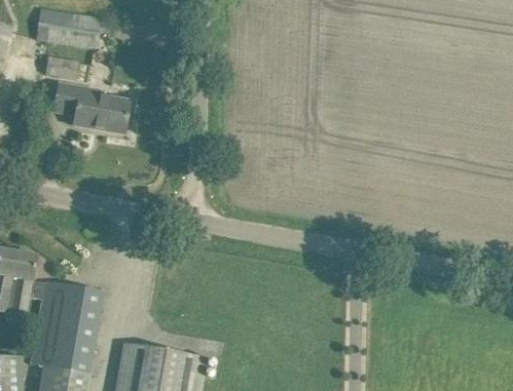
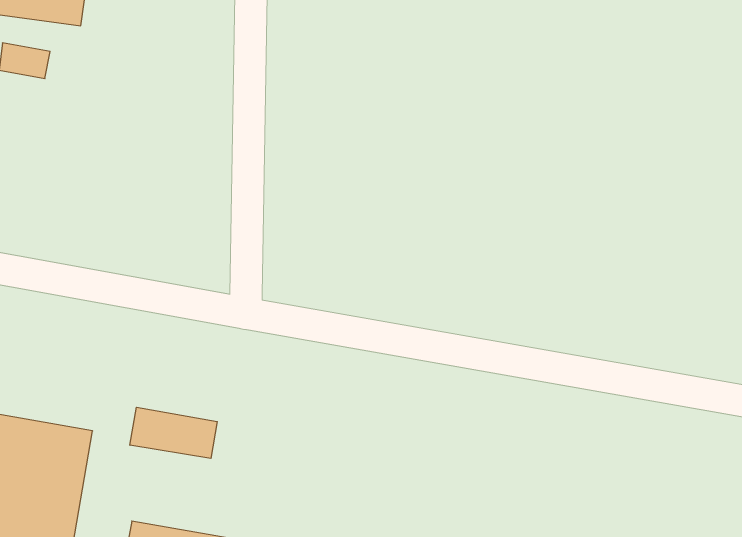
building: [51,83,127,132] -> none
building: none -> [130,407,217,458]

